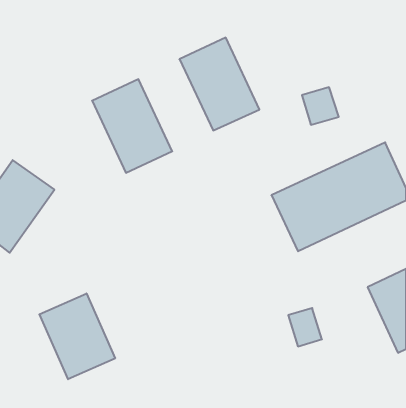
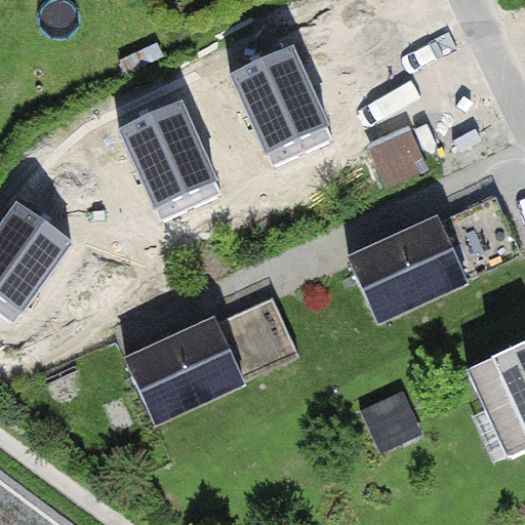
building: none -> [124,288,300,421]
building: [39,293,115,379] -> none

